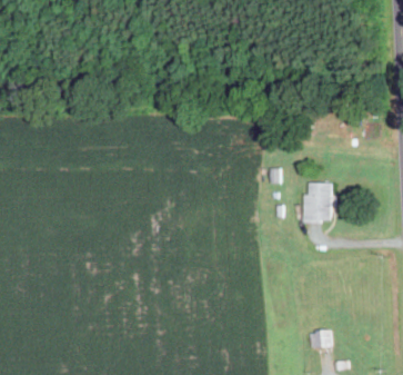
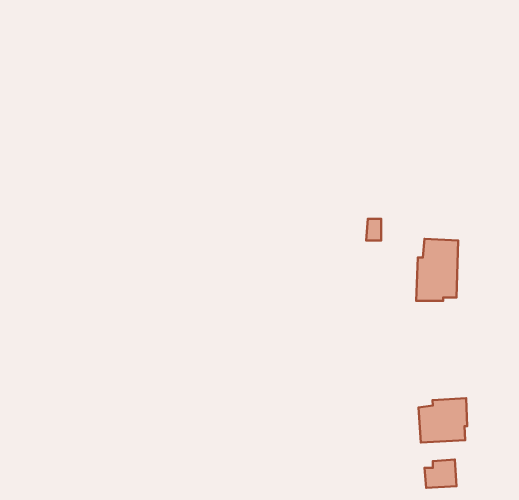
building: none -> [418,398,467,442]

